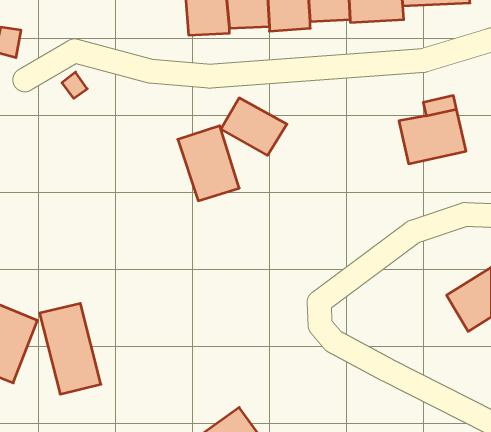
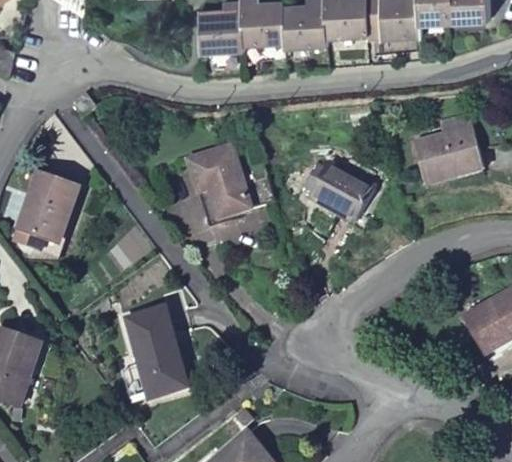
building: [221,98,287,155] -> [308,162,376,221]
building: none -> [13,173,77,251]
building: [40,303,101,394] -> [126,305,189,398]

